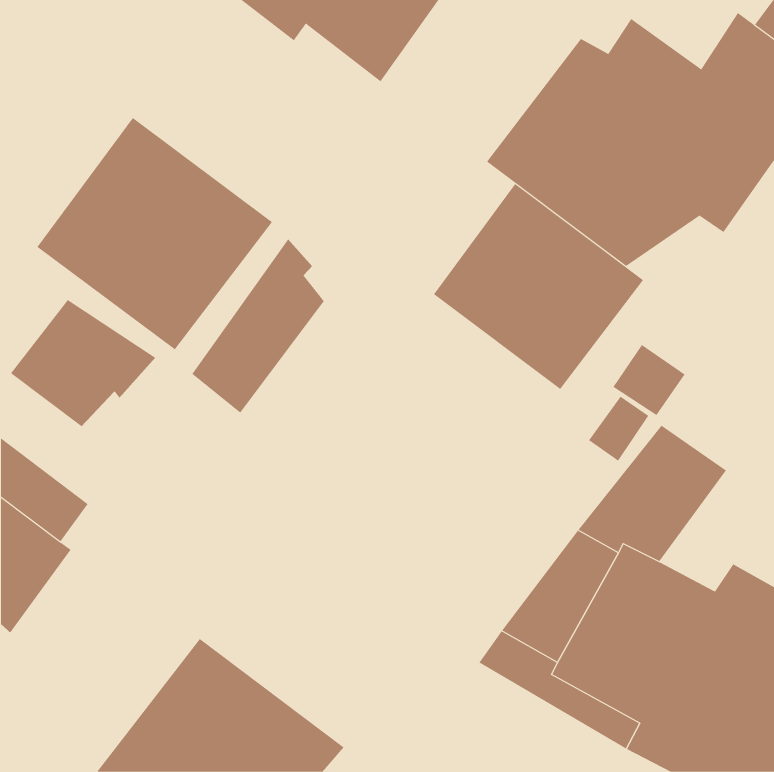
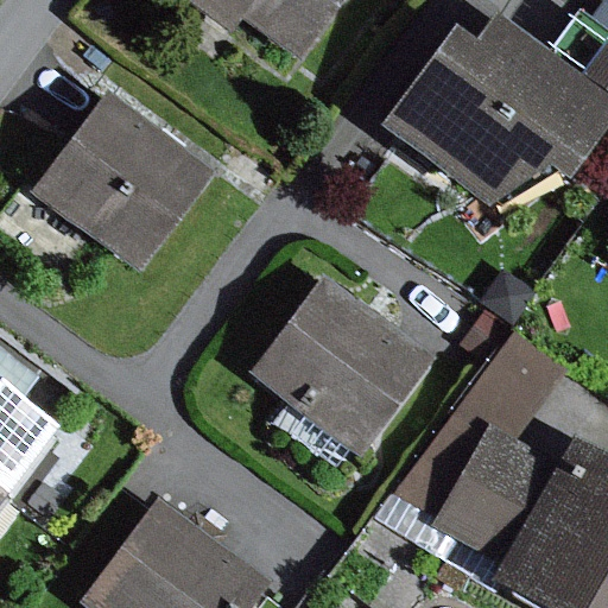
building: [433,183,644,390] -> none
building: [192,239,324,414] -> none
building: [10,299,156,427] -> none
building: none -> [248,273,436,456]

